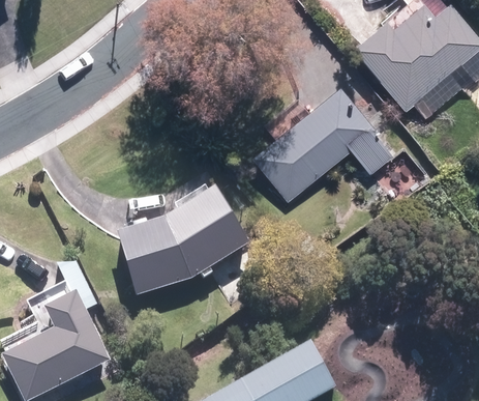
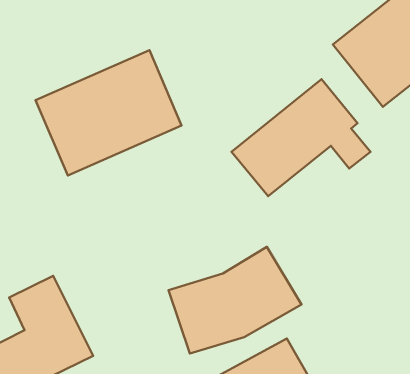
building: none -> [35,50,182,176]
building: [119,188,253,295] -> [168,247,302,354]

